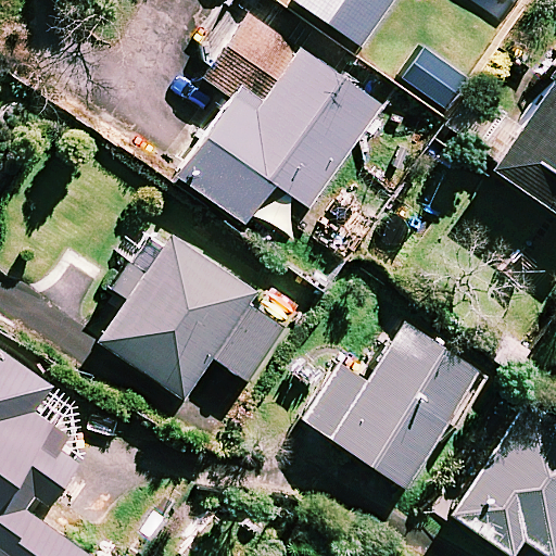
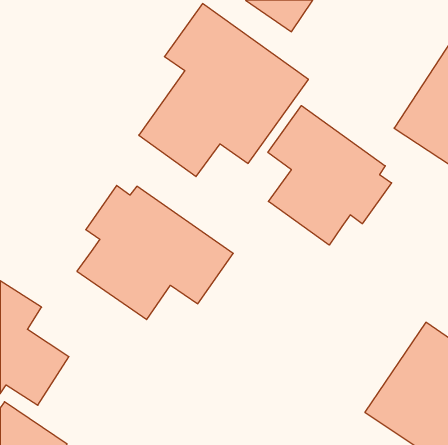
building: none -> [268,106,392,245]
building: [306,326,477,483] -> none

